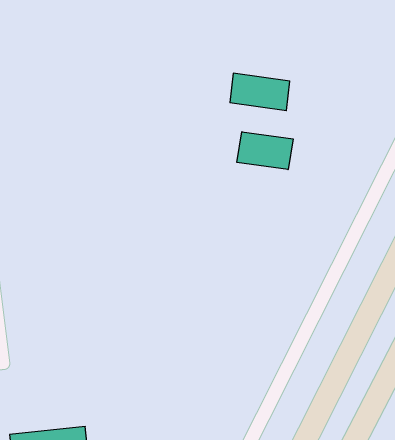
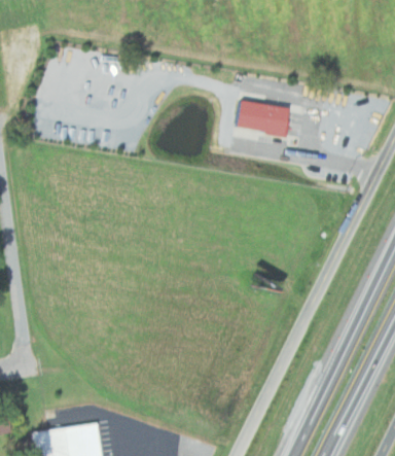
building: [237,132,293,170] -> none

